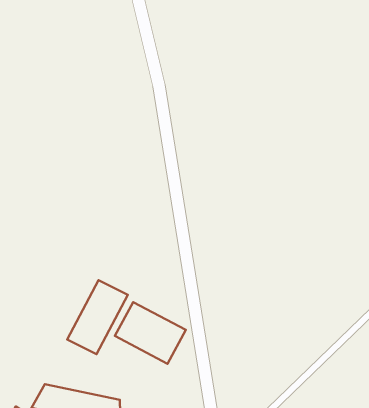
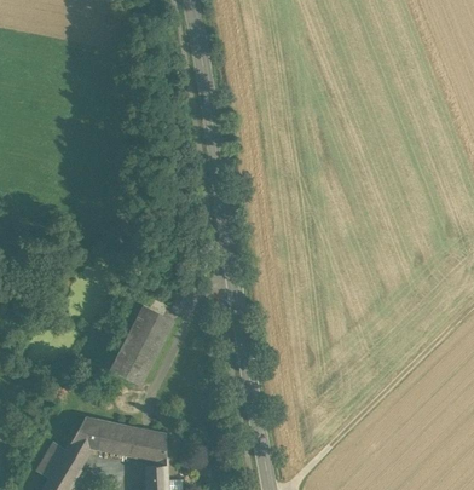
building: [115,302,186,364] -> none

